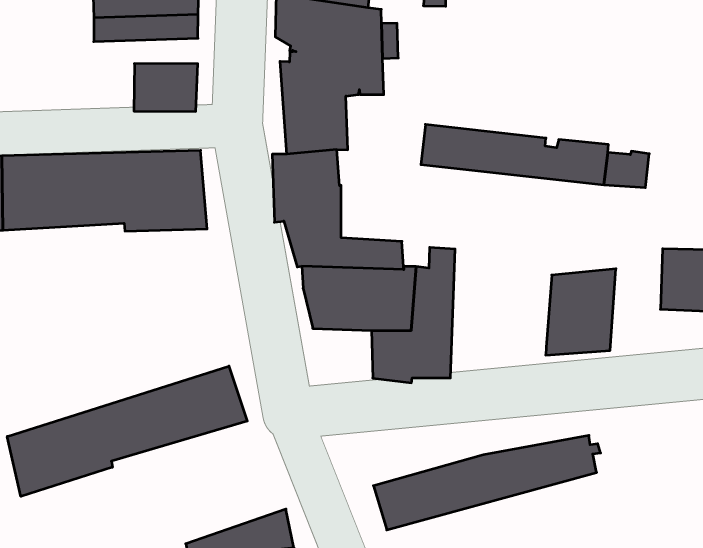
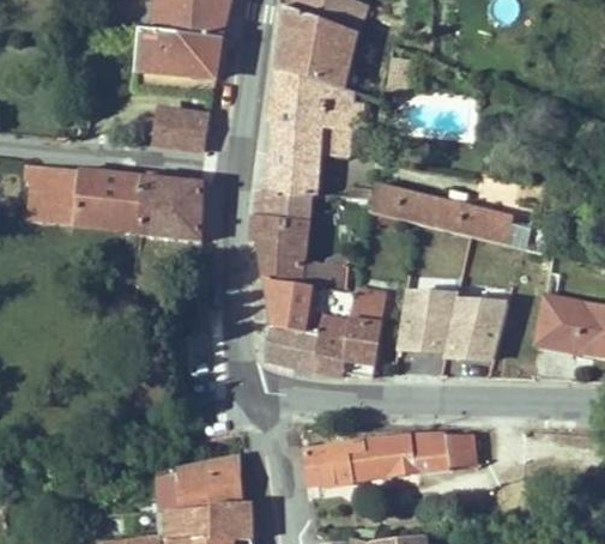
building: none -> [398,301,459,361]
building: none -> [265,324,316,368]
building: [7,366,247,496] -> none

